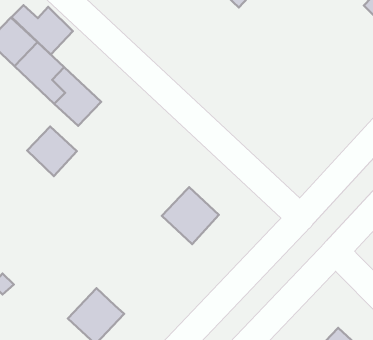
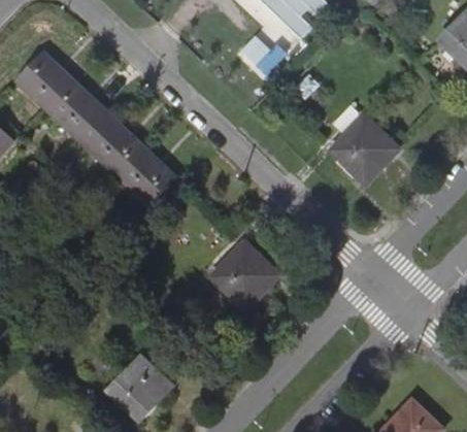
building: [12,5,73,55] -> none
building: none -> [333,115,397,180]
building: [27,126,77,176] -> [120,146,175,202]

